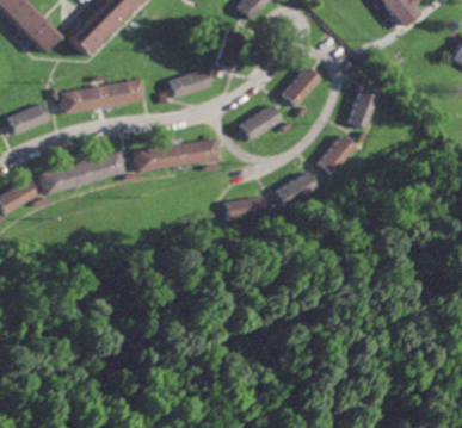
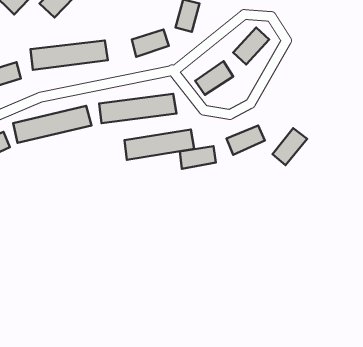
building: [350,86,380,128] -> none
building: [319,134,357,174] -> [272,128,307,165]
building: none -> [124,130,194,160]

